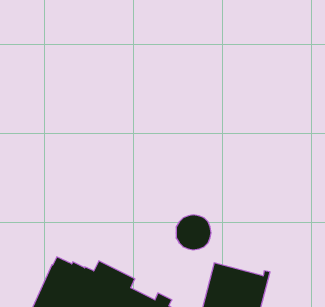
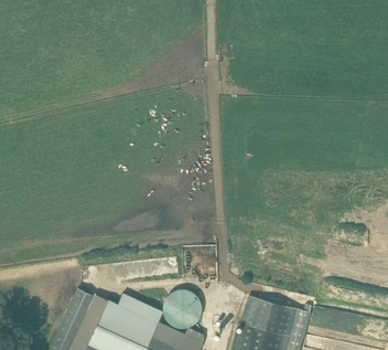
building: [176,215,211,250] -> [162,289,201,328]

